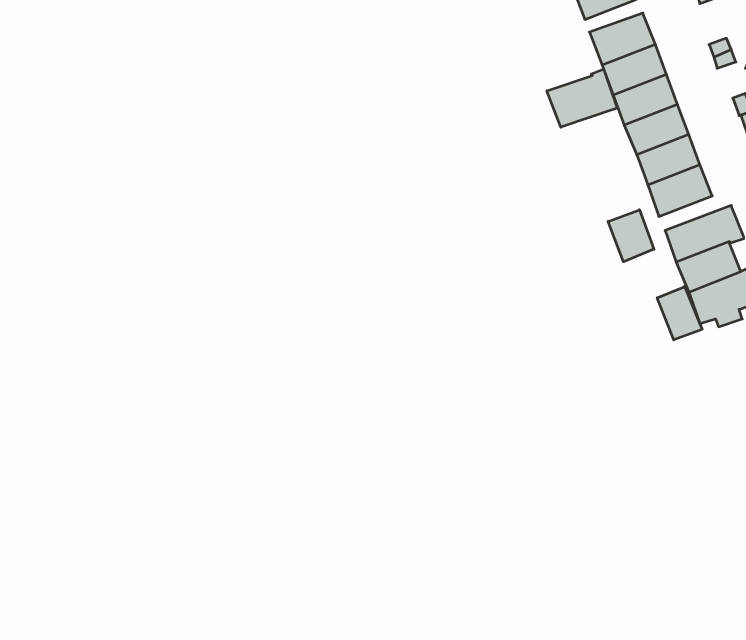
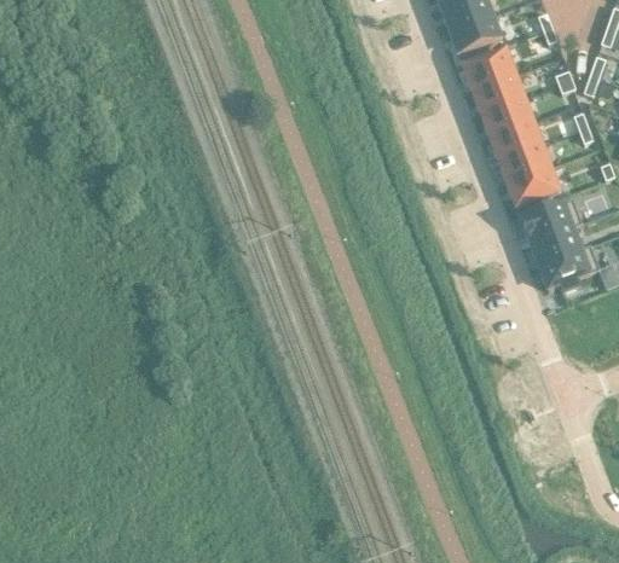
building: [547,69,617,127] -> none
building: [608,210,654,262] -> none
building: [657,286,702,340] -> none

